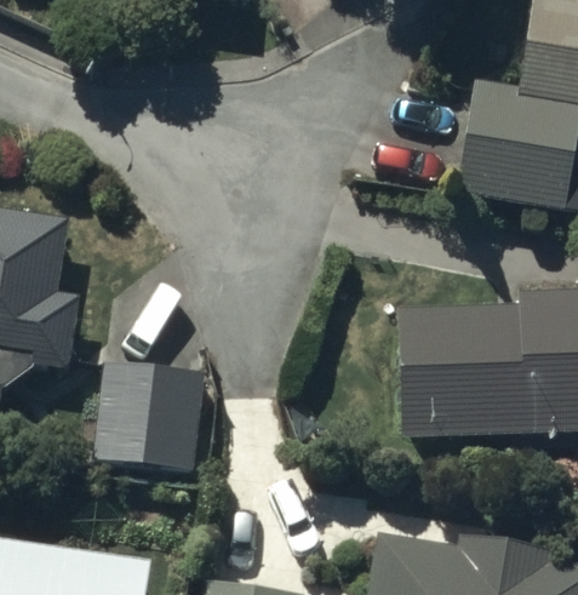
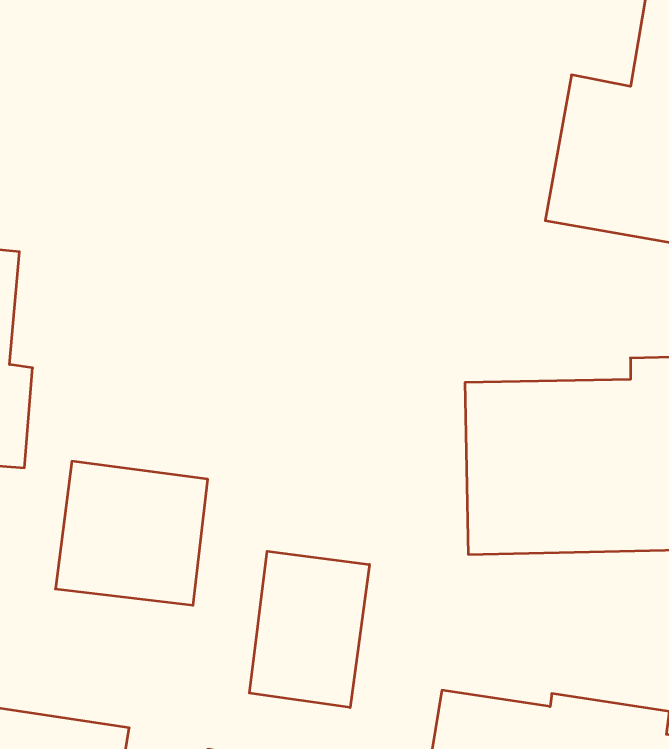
building: none -> [249,551,369,708]

